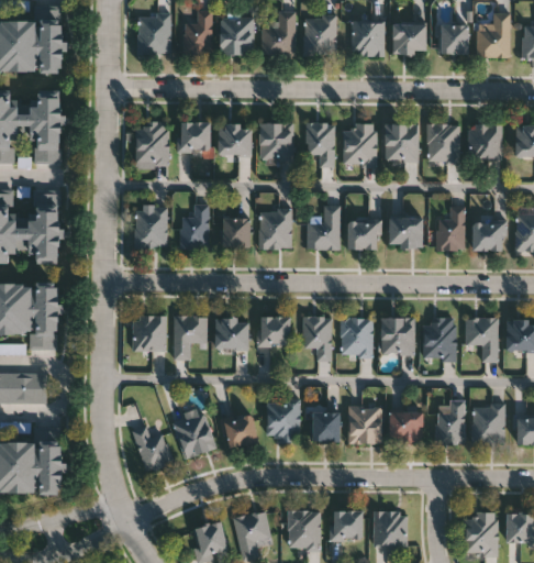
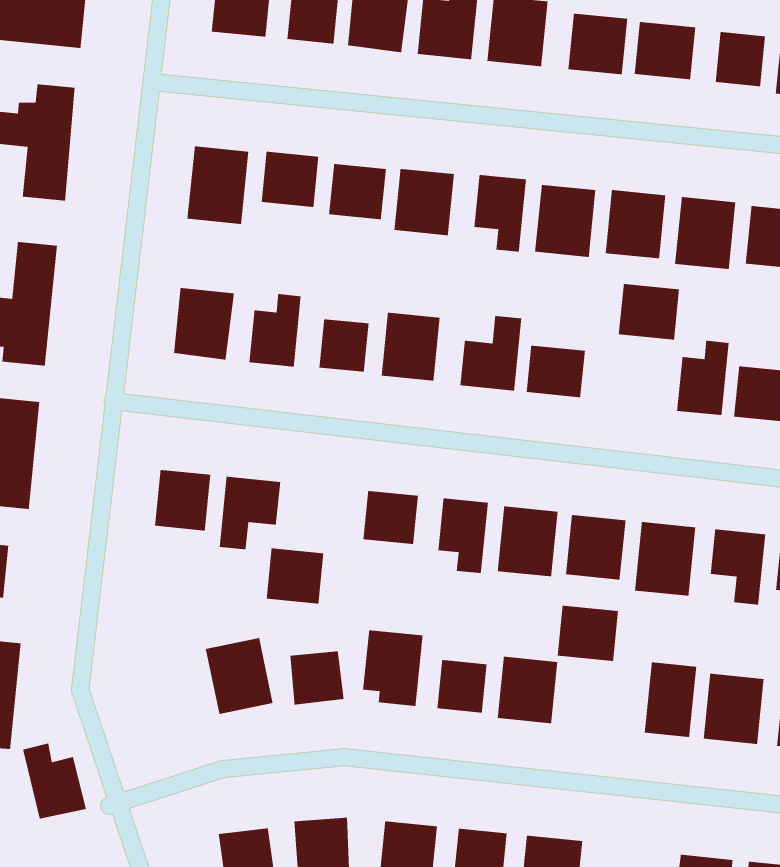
building: [388,217,422,247] -> [618,283,680,340]
building: [215,319,247,350] -> [266,548,324,604]
building: [388,411,422,442] -> [557,605,619,662]
building: [132,427,174,473] -> [22,742,87,820]

